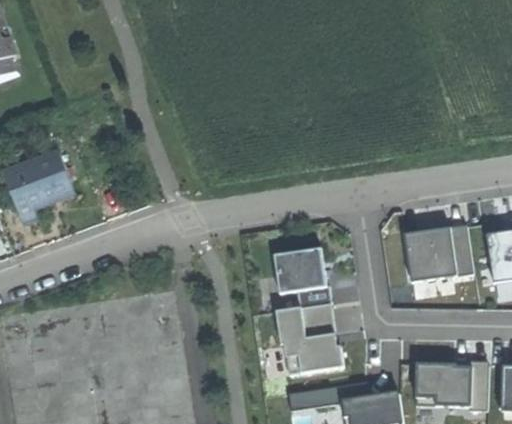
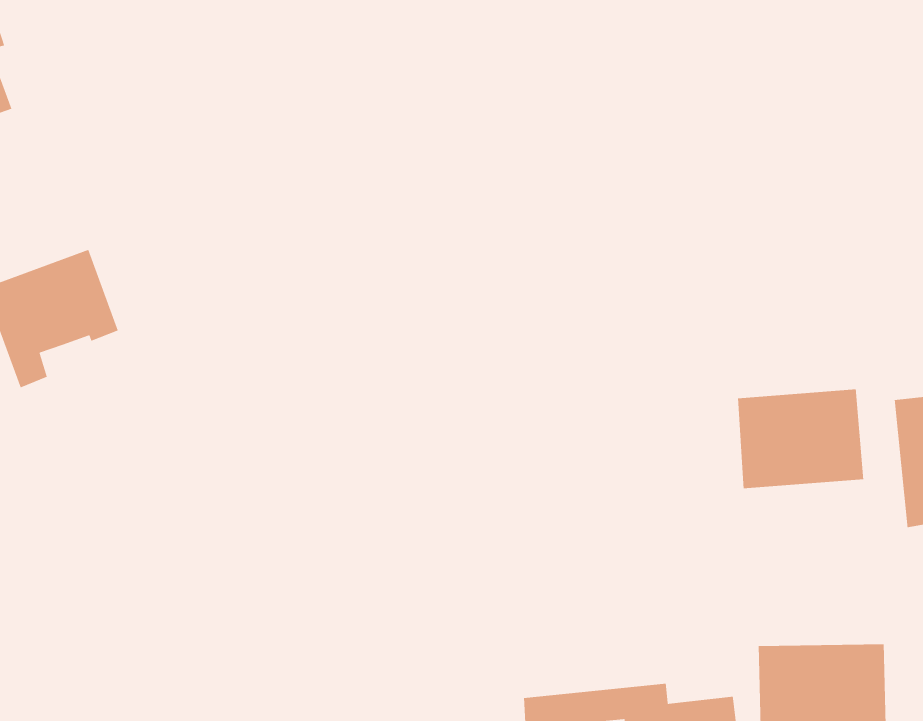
building: [276,246,342,373] -> none

